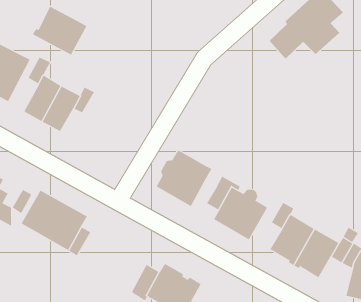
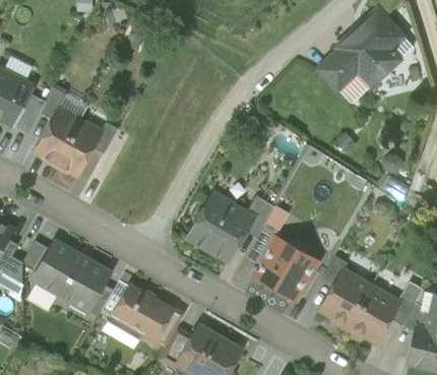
building: [32,6,87,56] -> none
building: none -> [245,197,274,239]
building: none -> [106,287,173,346]

